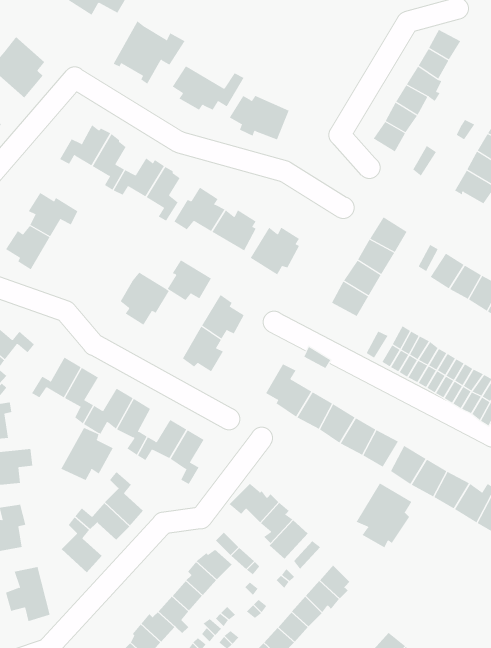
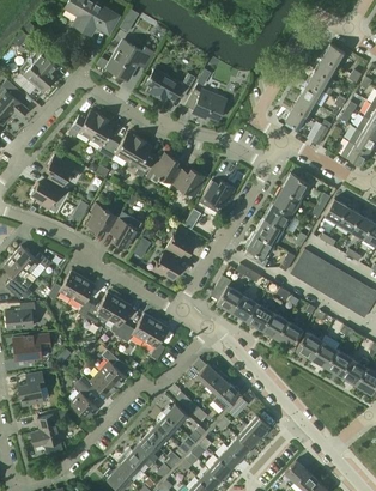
building: [167,259,212,301] -> [87,205,119,234]
building: none -> [245,234,274,267]
building: [61,427,114,481] -> none
building: [356,483,412,548] -> none

